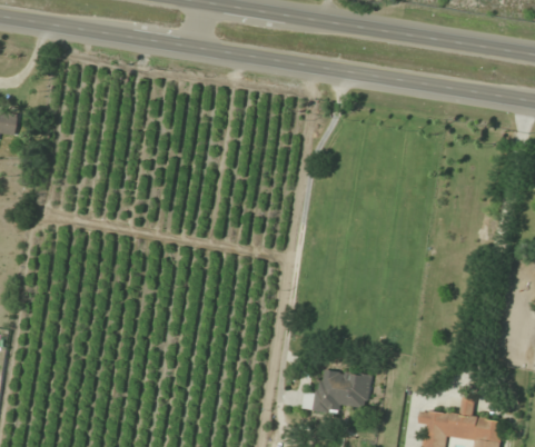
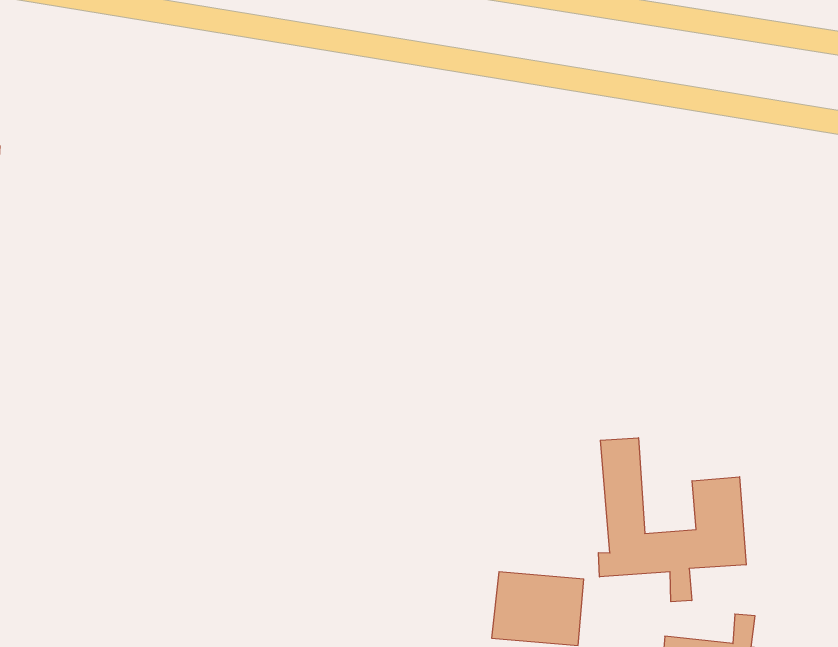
building: none -> [599,438,746,602]

